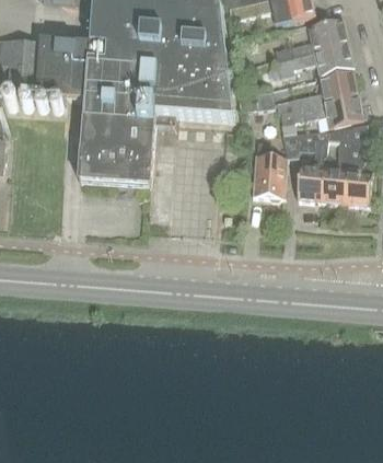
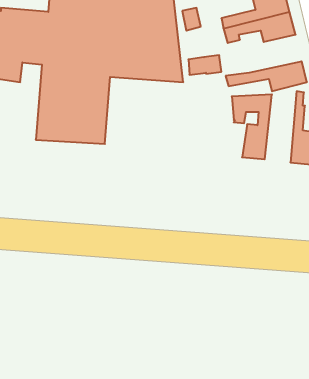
building: [275,70,359,112] -> none
building: [320,127,353,204] -> none
building: [252,141,288,198] -> none

